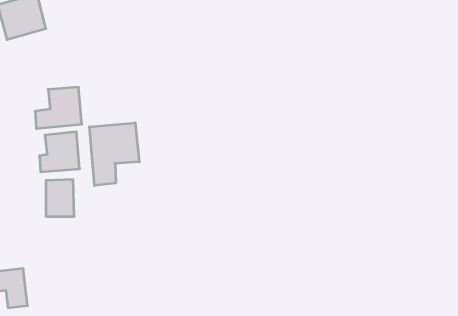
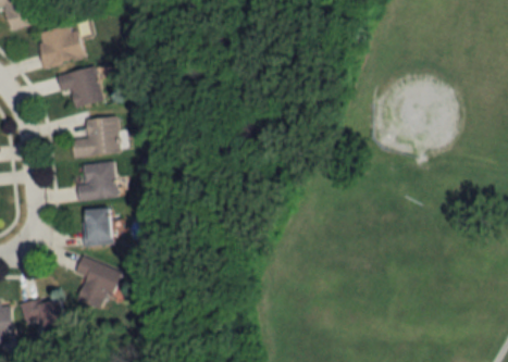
building: none -> [57,66,103,108]
building: [90,123,139,186] -> none
building: none -> [74,257,121,305]

